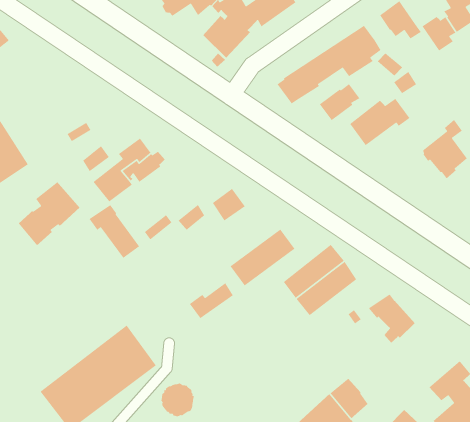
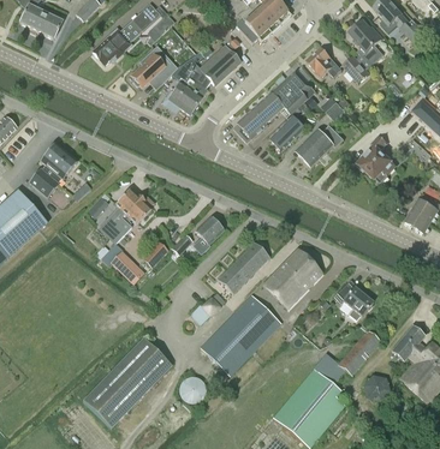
building: [18,181,81,246] -> [29,143,77,197]
building: none -> [201,295,280,376]
building: none -> [338,330,379,375]

